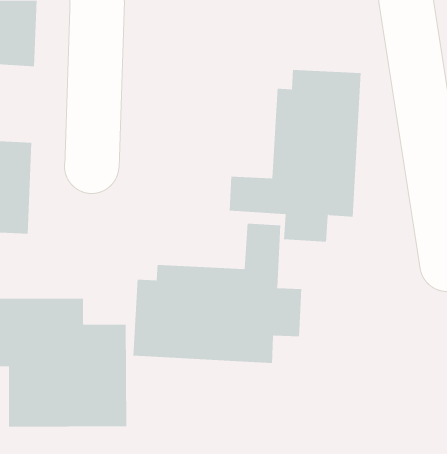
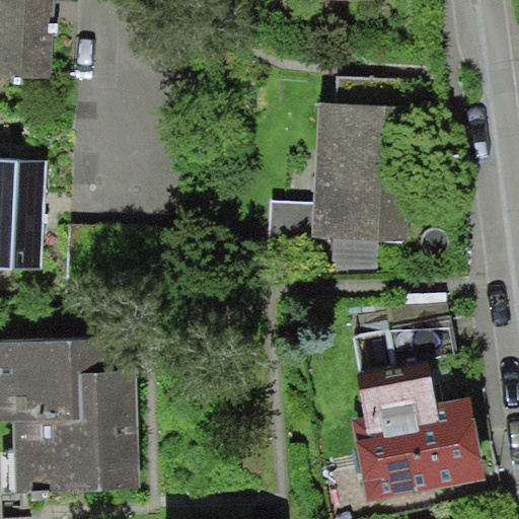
building: [133,223,302,364] -> none
building: none -> [352,296,485,504]

